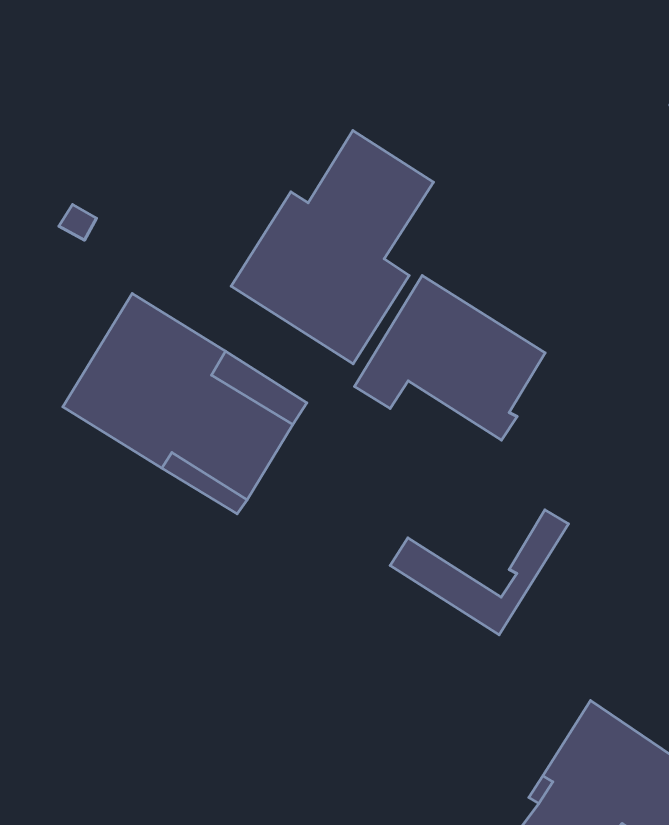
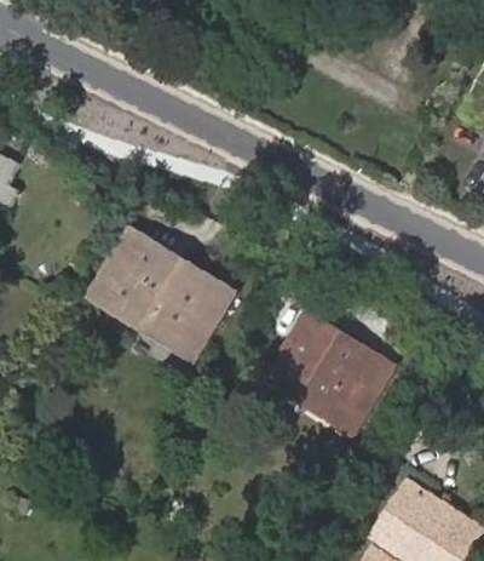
building: [231,130,433,364] -> none
building: [355,276,545,440] -> [264,311,380,412]

